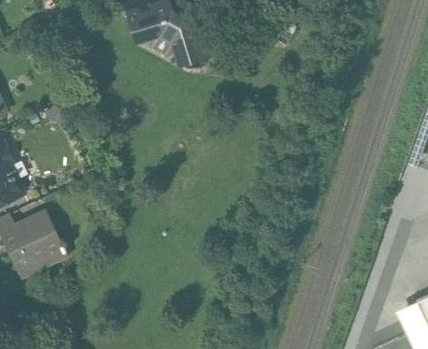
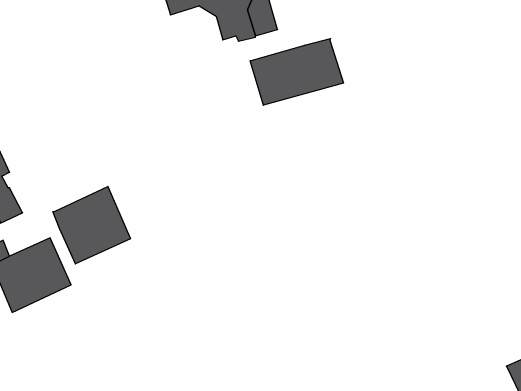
building: none -> [250,39,343,105]
building: none -> [53,186,131,264]

